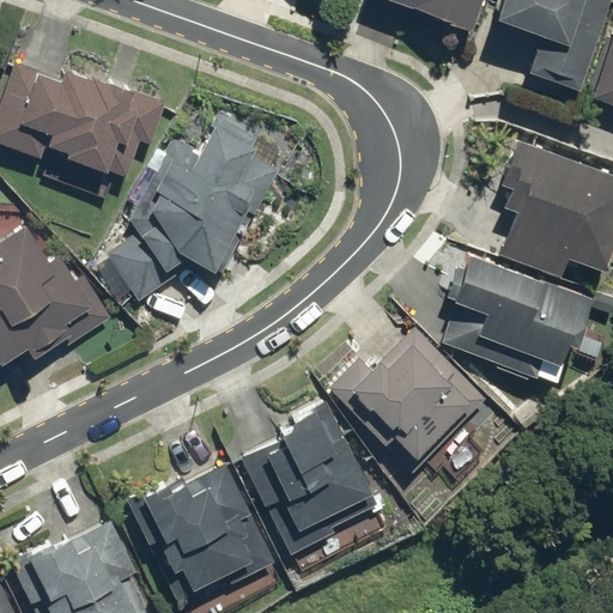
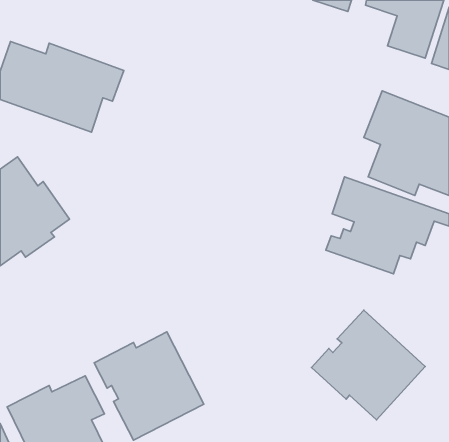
building: [107,123,259,305] -> none
building: [327,329,481,473] -> none
building: [239,405,372,562] -> none
building: none -> [312,310,425,420]

